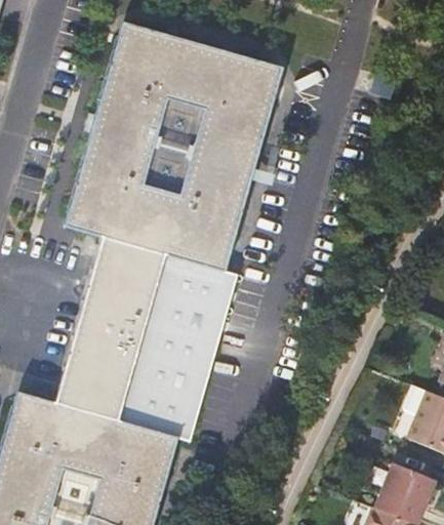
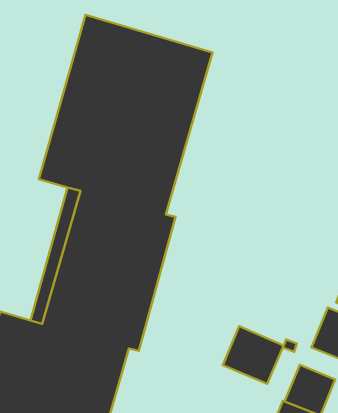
building: none -> [223,326,284,384]

